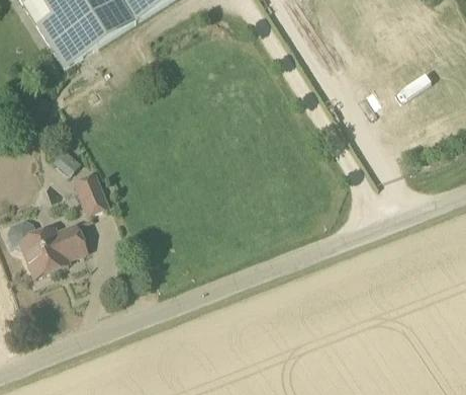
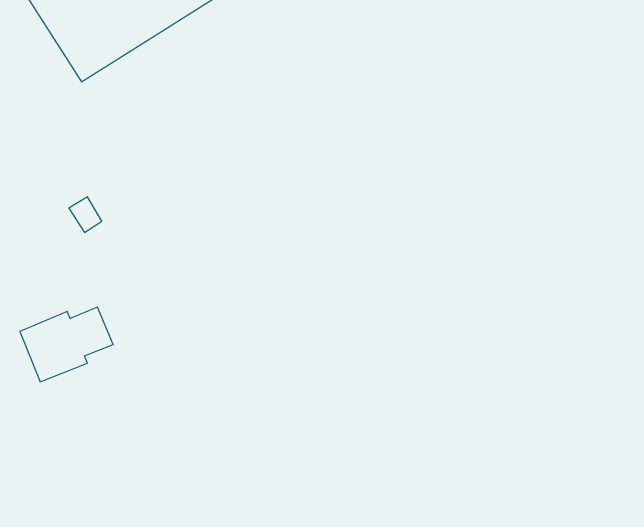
building: [74,173,106,214] -> none

